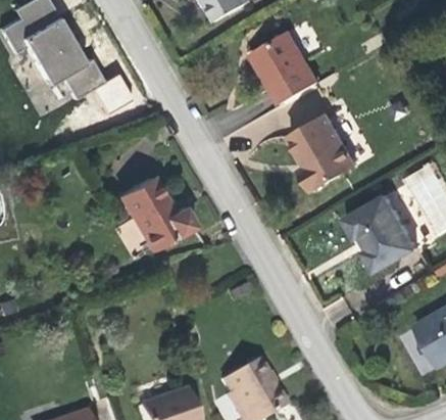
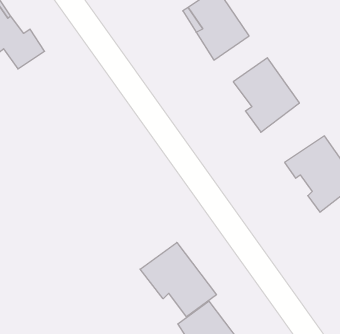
building: [115,177,190,249] -> none
building: none -> [140,242,216,317]

